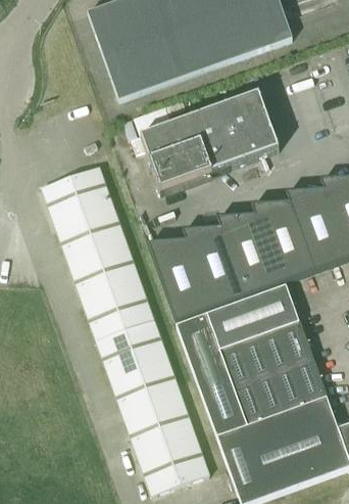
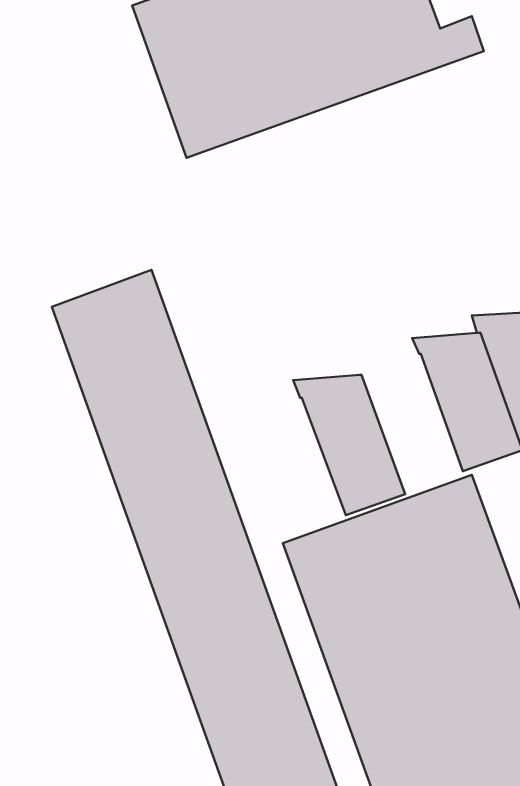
building: [141,93,279,191] -> none
building: [216,214,281,295] -> none
building: [148,239,212,321] -> none

